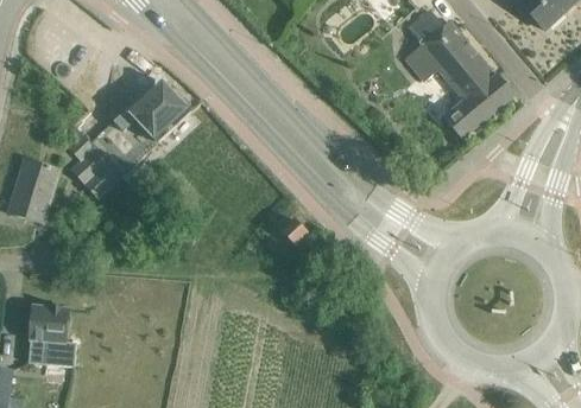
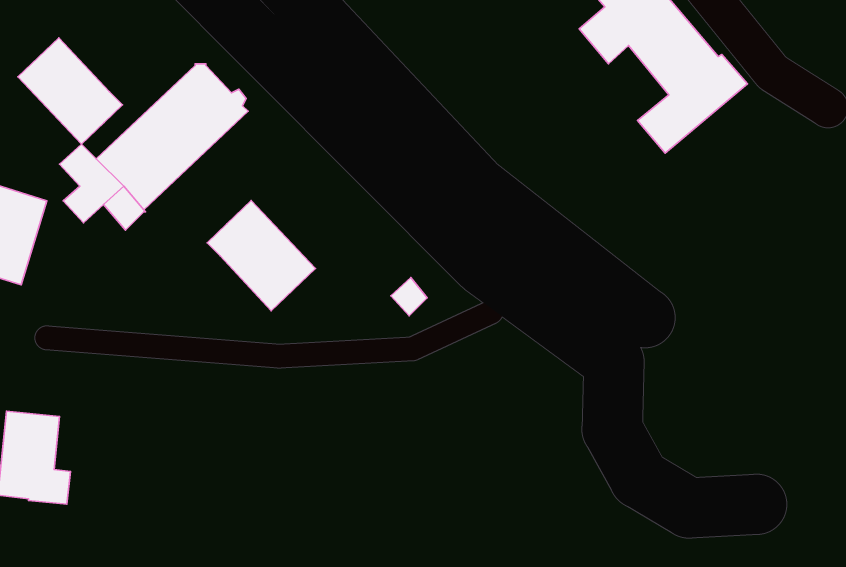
building: none -> [18,38,123,144]
building: none -> [207,201,315,311]

